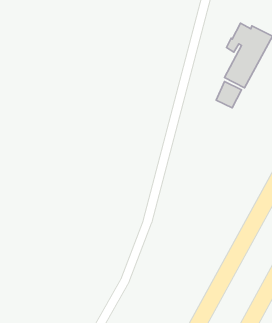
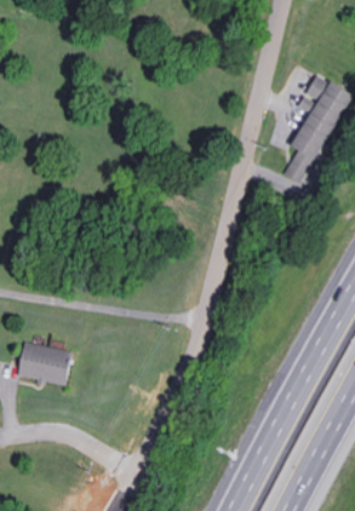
building: none -> [17,341,74,387]

